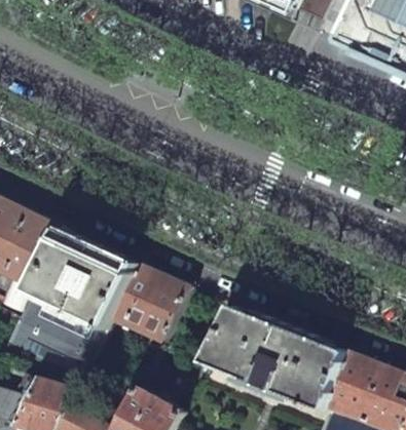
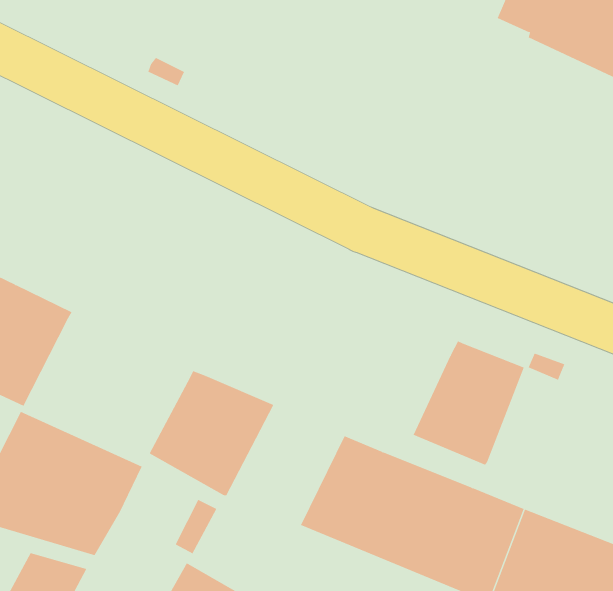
building: [30,231,137,323] -> none
building: none -> [413,341,525,465]

